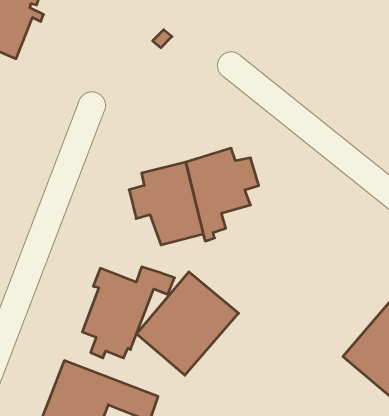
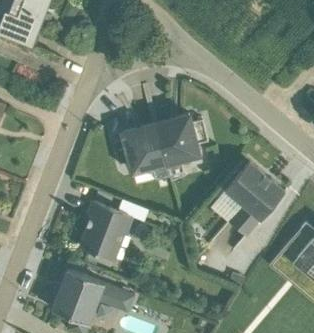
building: [137,272,239,375] -> [211,160,285,235]

